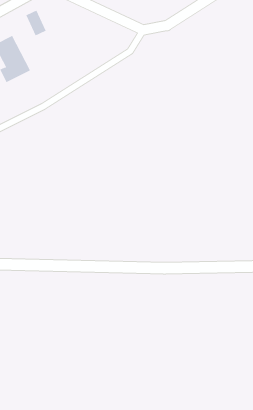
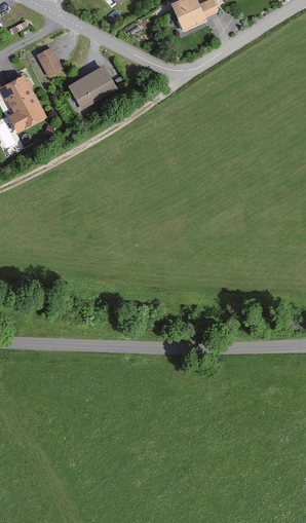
building: none -> [71,65,117,107]

